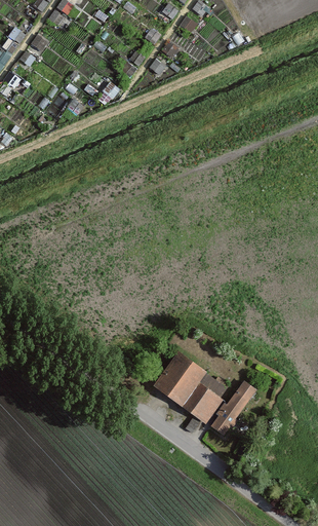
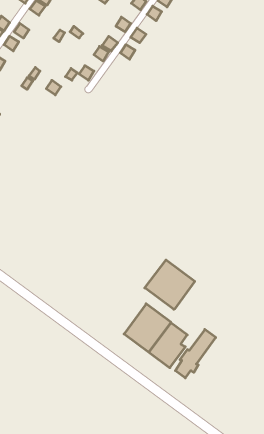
building: none -> [145,260,195,309]

